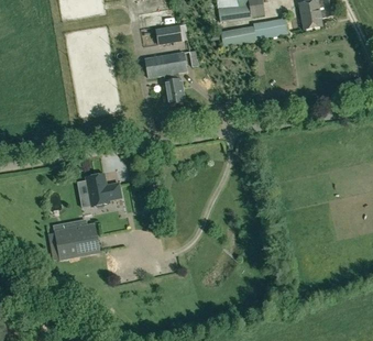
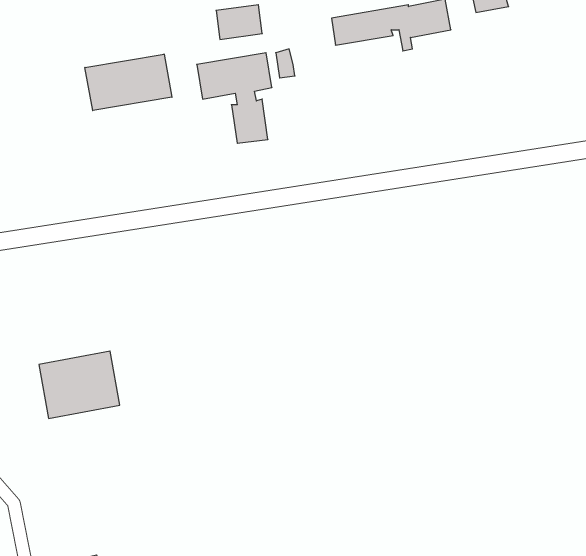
building: none -> [85,54,172,111]
building: [86,174,127,207] -> none

